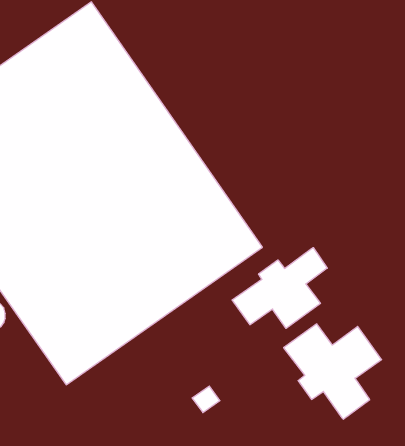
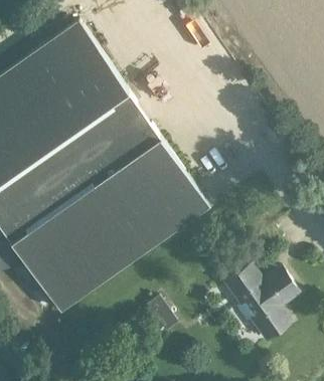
building: [232,248,327,328] -> none

